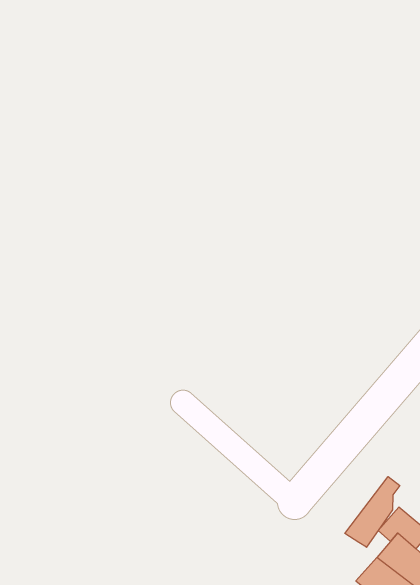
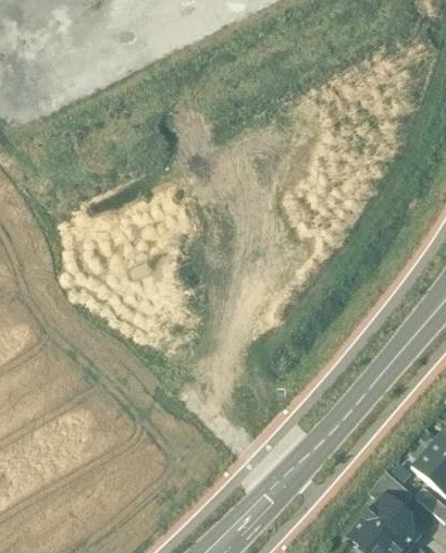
building: [345,477,400,547] -> none

